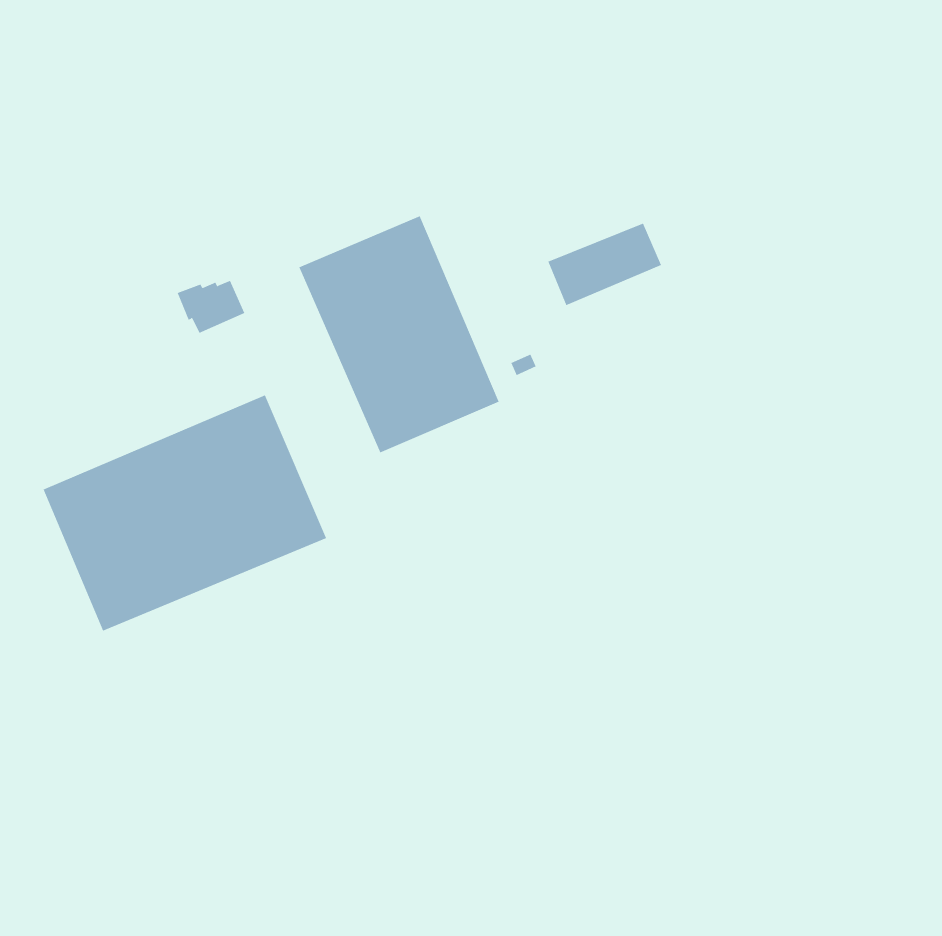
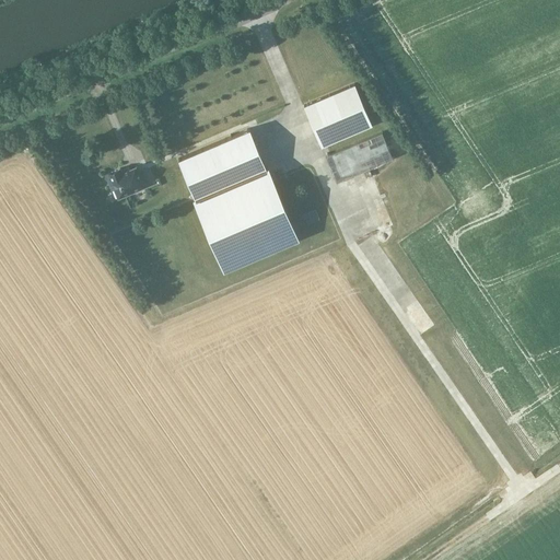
building: none -> [303,86,372,149]
building: [43,394,327,632] -> none

